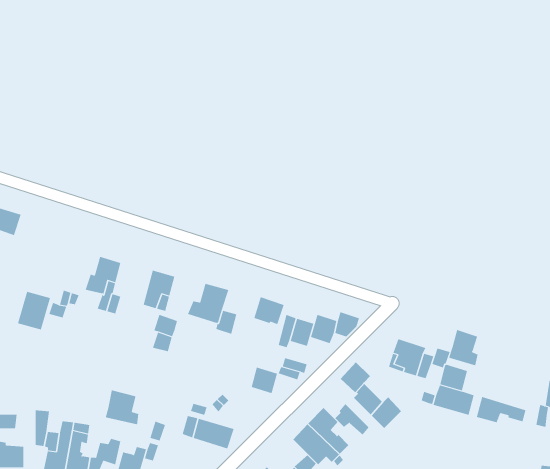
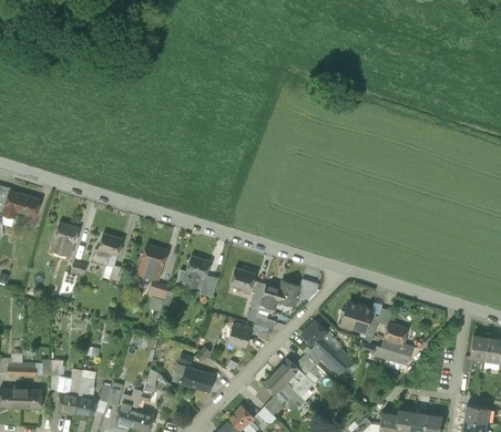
building: [17,291,51,330] -> [51,223,79,255]
building: [449,329,478,366] -> none
building: [105,390,139,425] -> none
building: [476,396,526,423] -> none

